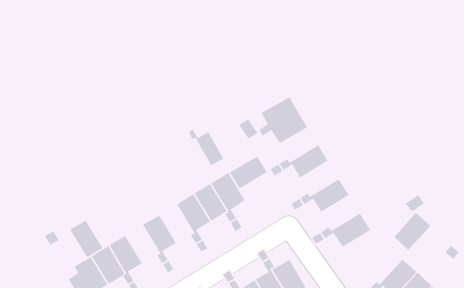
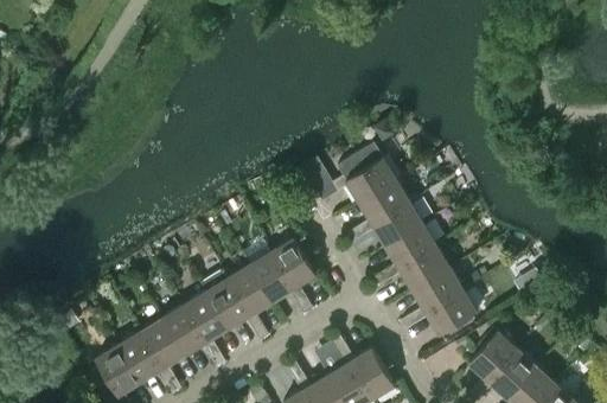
building: [188,128,224,166] -> none
building: [229,155,268,190] -> [359,180,409,224]
building: none -> [385,223,435,268]
building: none -> [413,267,462,312]
building: none -> [205,279,249,328]
building: [393,212,431,251] -> [468,331,517,380]
building: [69,219,104,258] -> [161,305,205,354]

